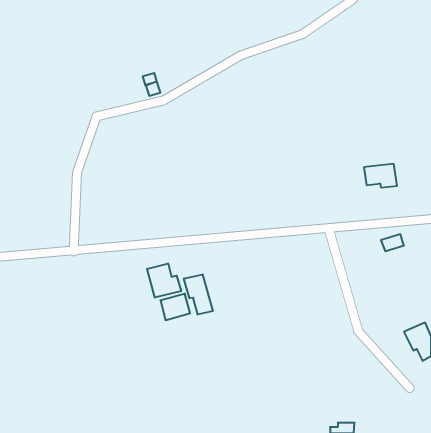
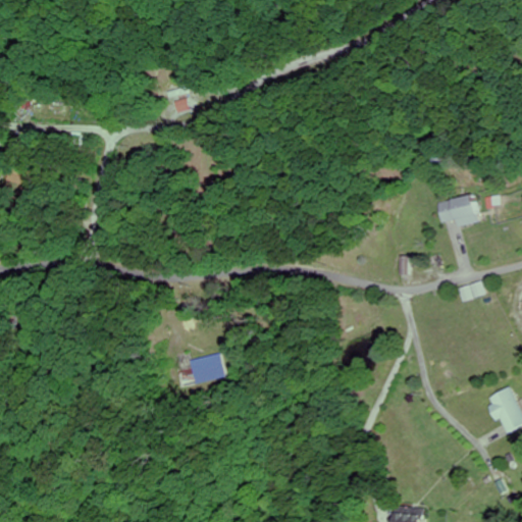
building: [147,263,181,298] -> none
building: [184,274,213,315] -> none

